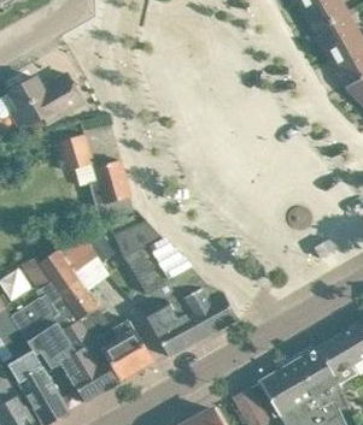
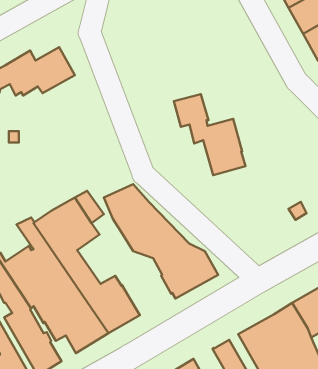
building: [57,135,134,222] -> [174,94,246,175]
building: [146,305,192,356] -> none

